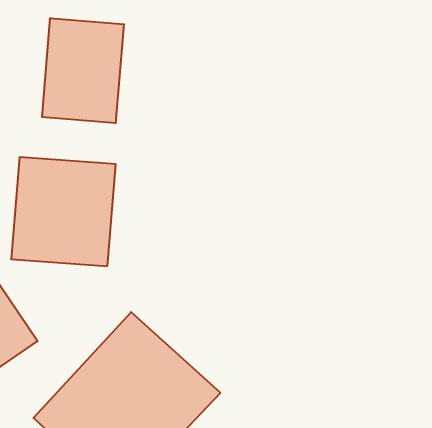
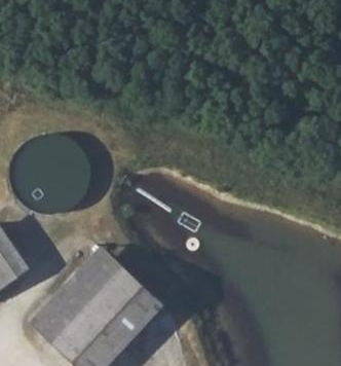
building: [42,18,124,123] -> none

